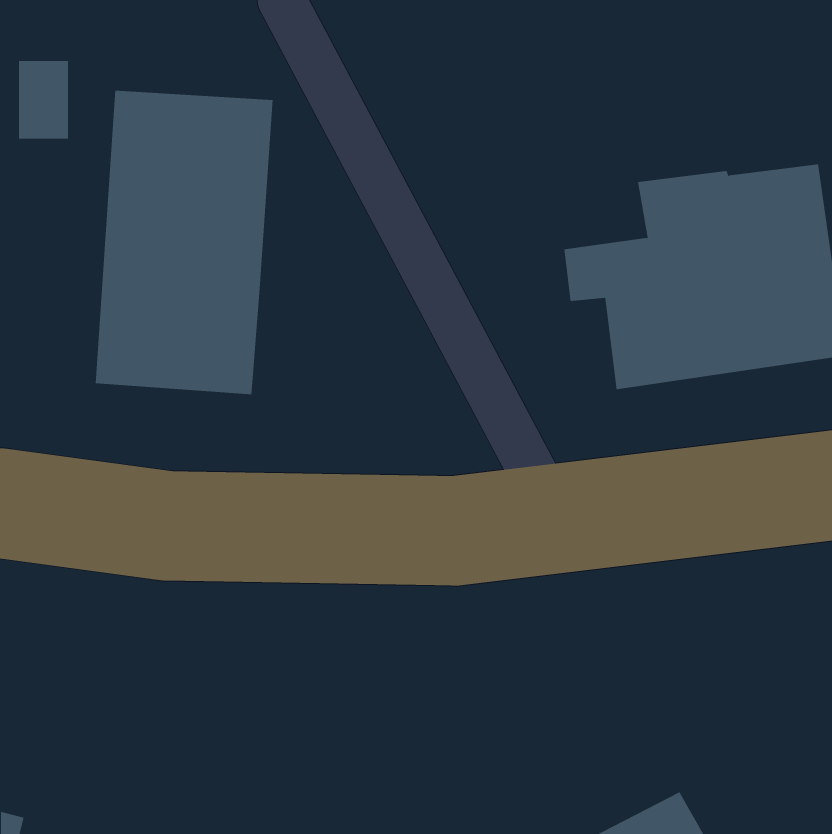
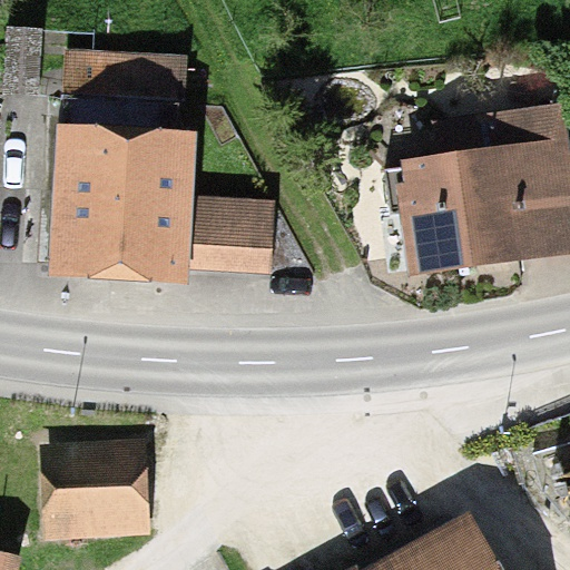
building: none -> [175,198,271,278]
building: none -> [37,442,149,537]

